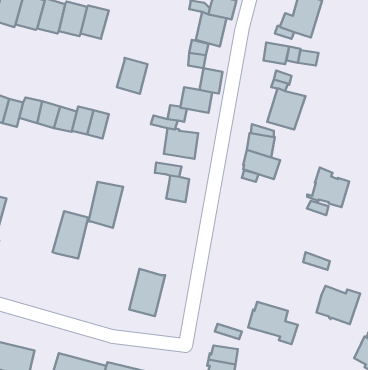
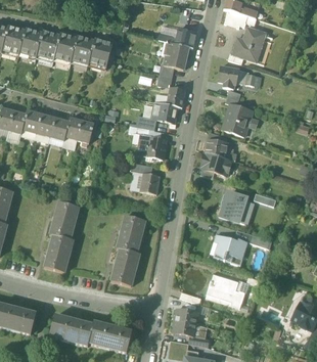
building: [117,58,148,94] -> [88,38,112,66]
building: [307,168,349,207] -> [219,191,253,223]
building: [88,182,123,228] -> [117,215,144,252]
building: none -> [44,234,72,271]
building: [317,286,360,324] -> [213,234,247,265]

